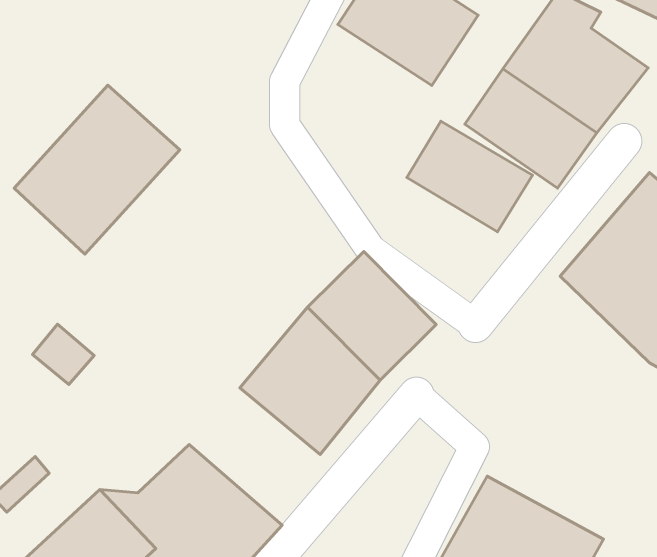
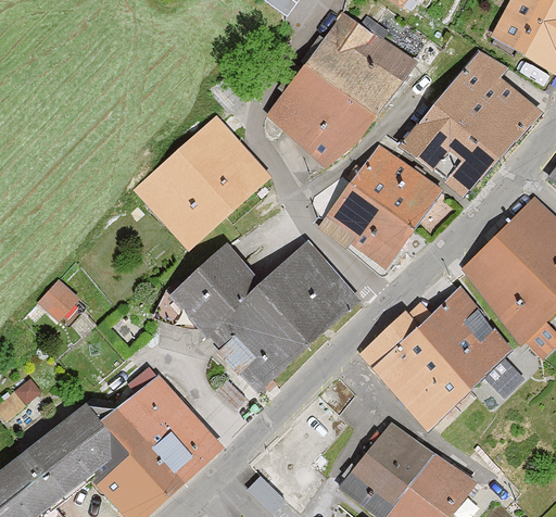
building: none -> [264,61,374,167]
building: [14,85,180,254] -> [138,118,269,248]
building: none -> [316,185,414,276]
building: none -> [167,242,261,336]
building: none -> [357,287,516,430]

